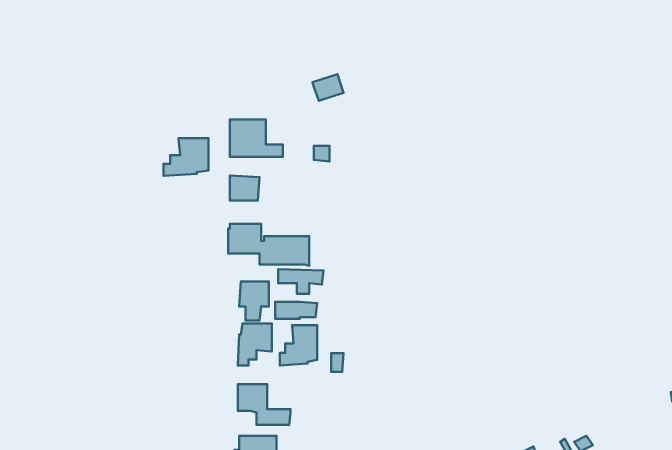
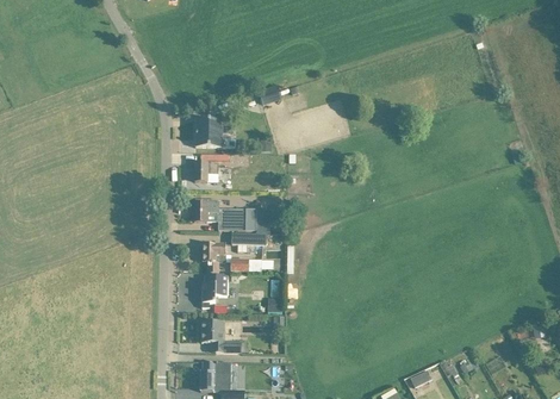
building: [164,138,208,176] -> none
building: [280,325,317,365] -> none

